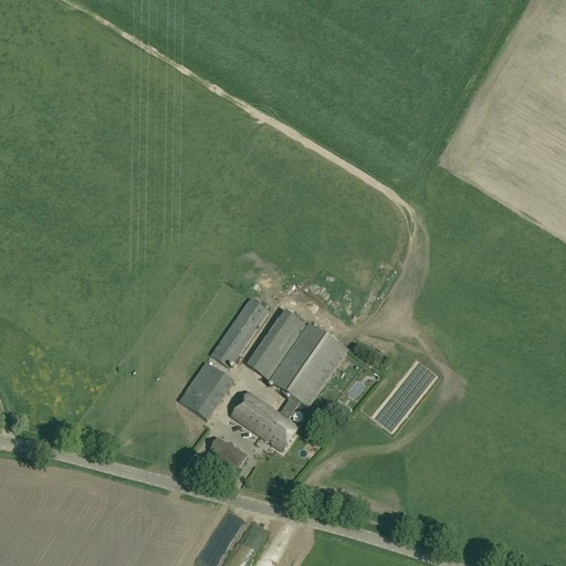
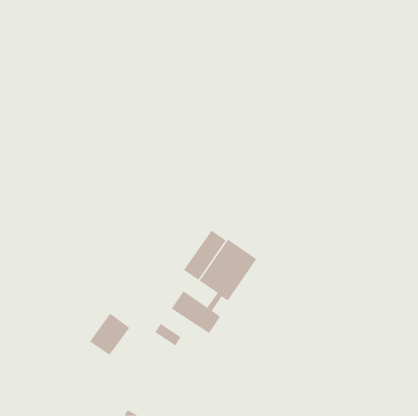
building: [211,298,268,367] -> none
building: [178,361,233,419] -> [89,313,130,356]

